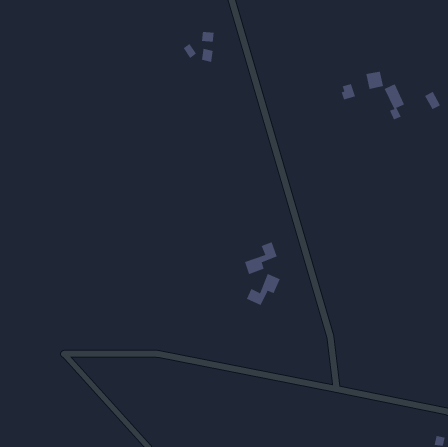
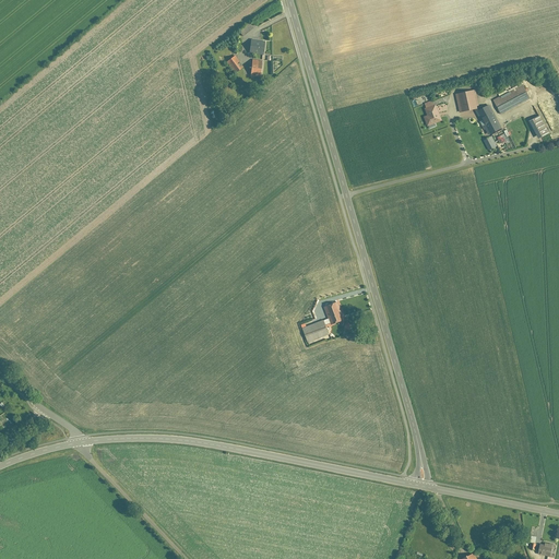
building: none -> [492,82,530,112]
building: [246,273,281,306] -> none

